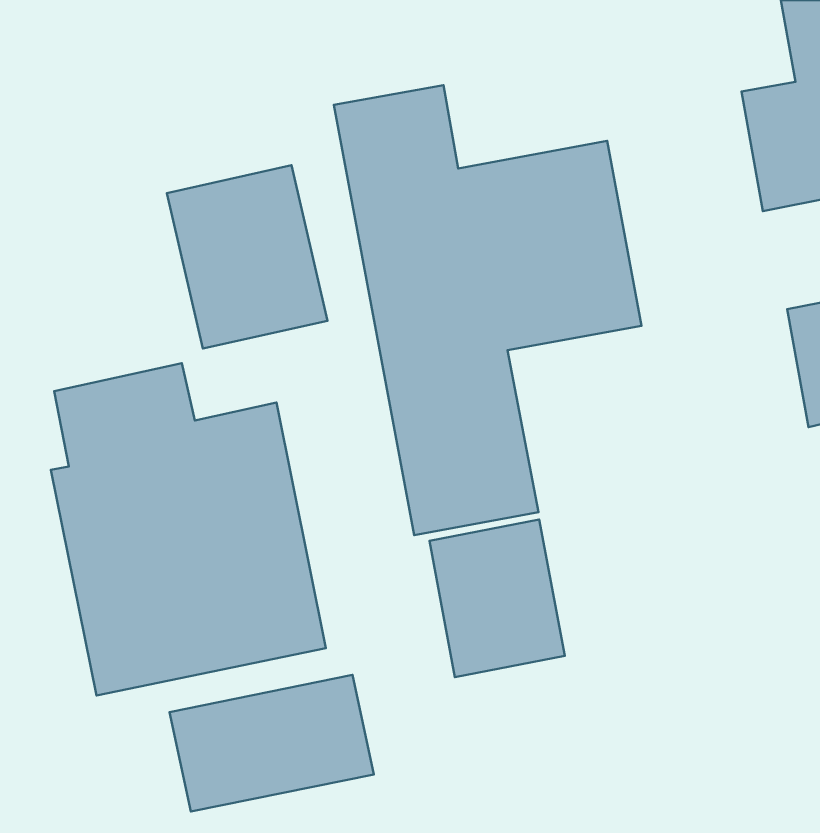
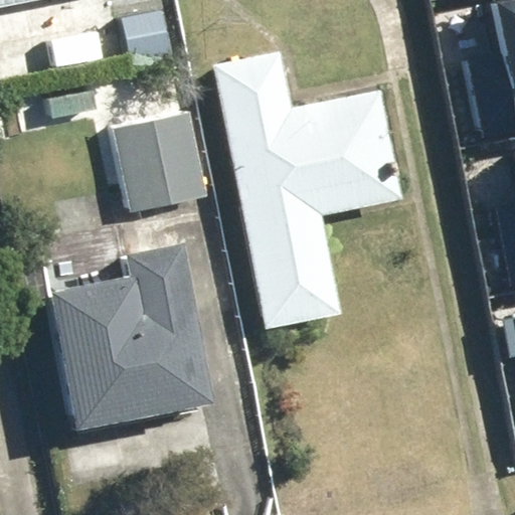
building: [429,519,565,677] -> none
building: [169,675,374,812] -> none

